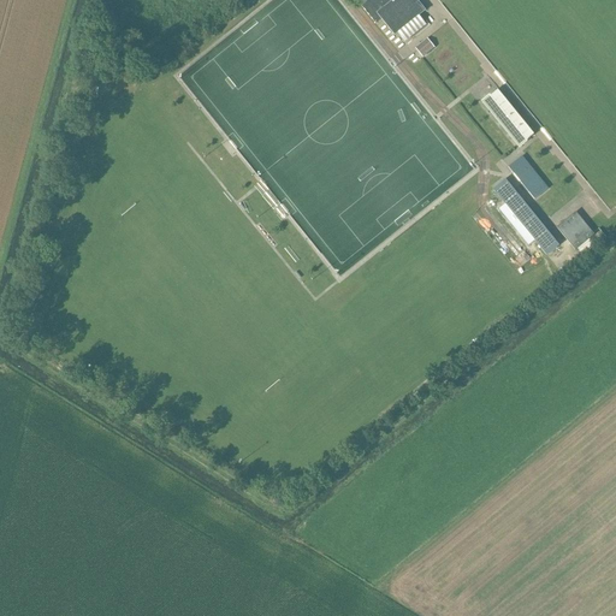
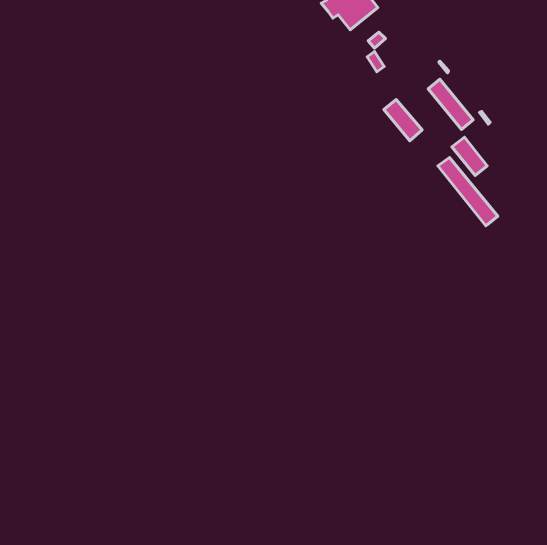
building: none -> [384,99,422,141]
building: [557,211,594,253] -> none

